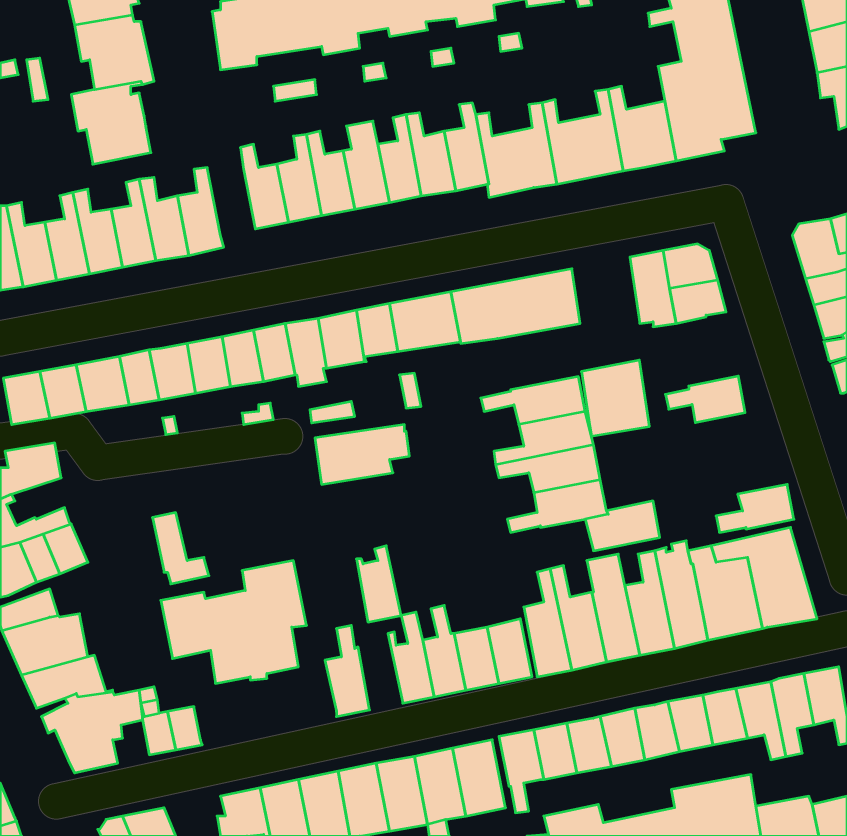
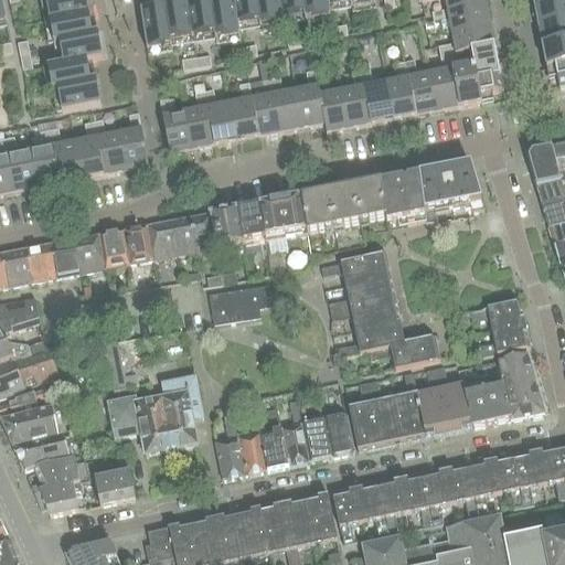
building: [581,360,649,436] -> [381,171,426,222]
building: [665,376,745,423] -> [471,298,524,329]
building: [356,546,401,622] -> [238,422,268,472]

